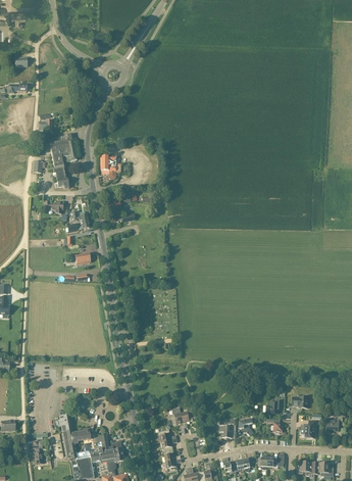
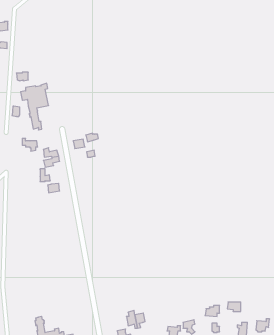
building: [100,155,120,179] -> none

